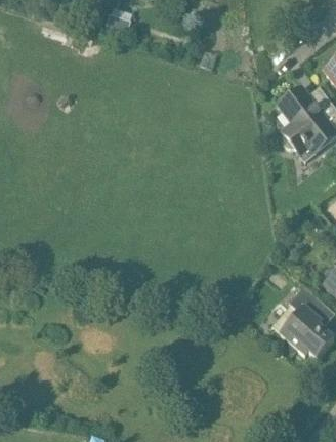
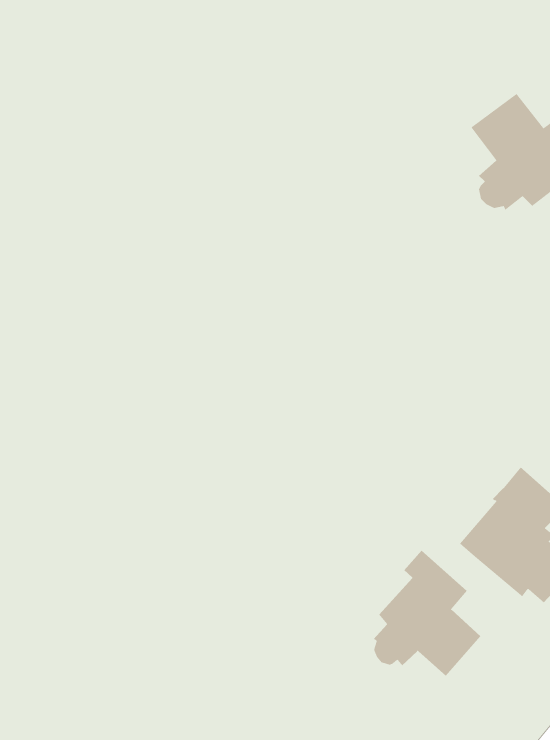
building: none -> [373,550,481,677]

